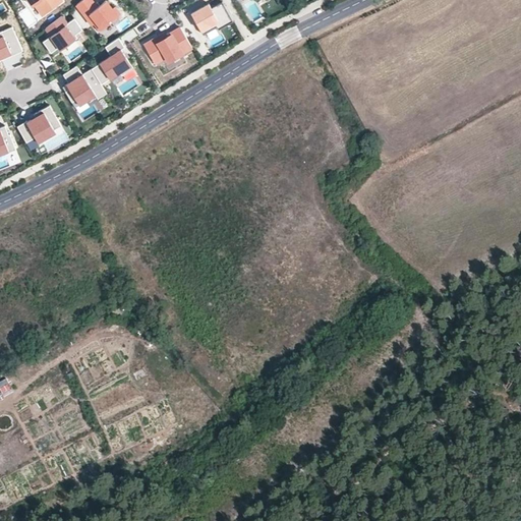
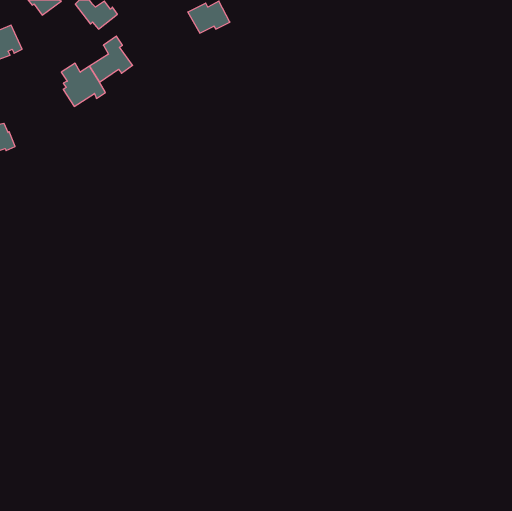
building: [42,17,81,54] -> none
building: [143,28,191,64] -> none
building: [16,107,61,144] -> none

